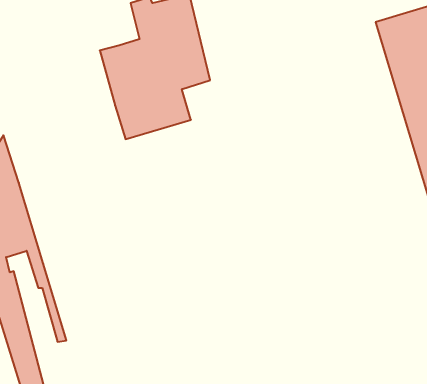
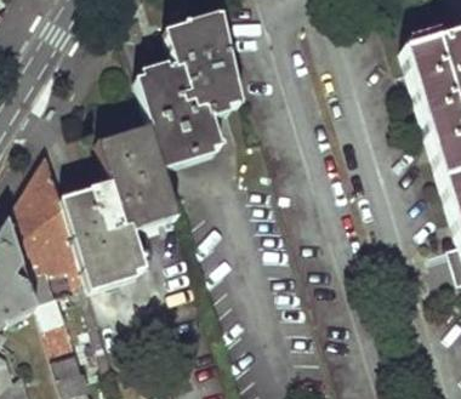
building: none -> [63,126,178,275]

